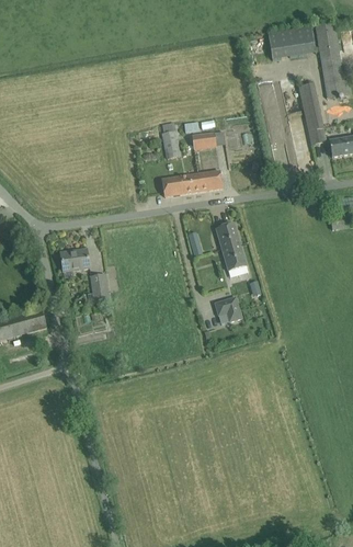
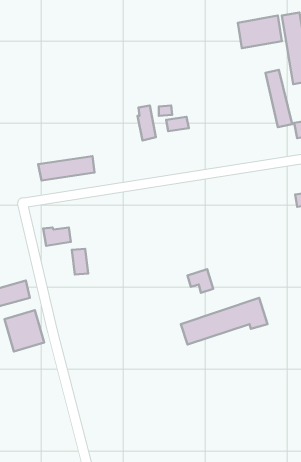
building: [161,170,221,196] -> [38,156,95,181]
building: [215,223,246,270] -> none
building: none -> [181,298,267,344]
building: none -> [5,310,44,352]

